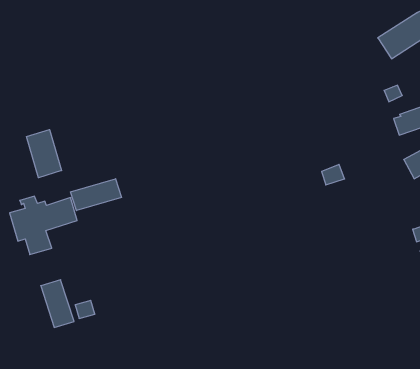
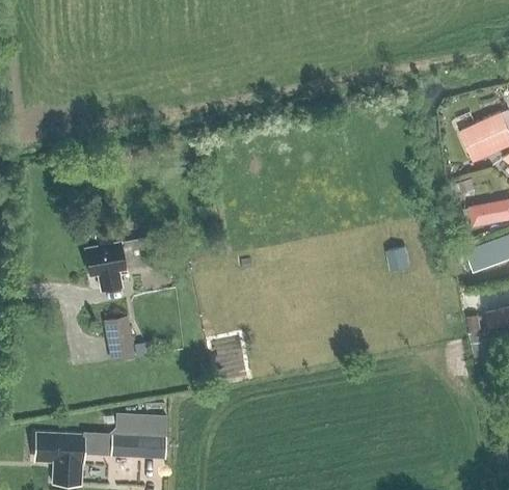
building: [26,130,62,178] -> none
building: [71,179,122,211] -> none

